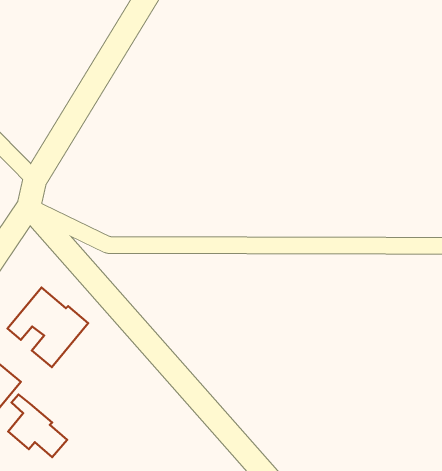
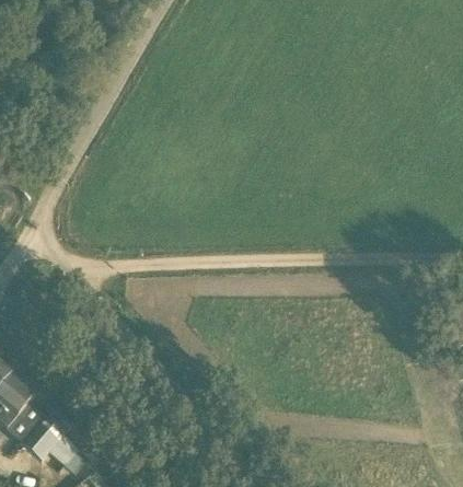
building: [7,288,88,367] -> none

